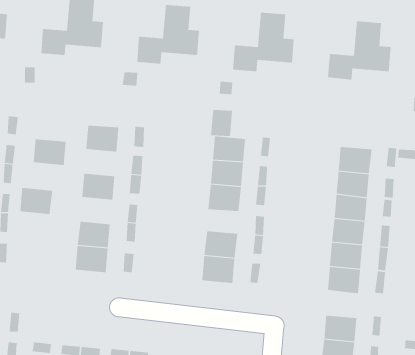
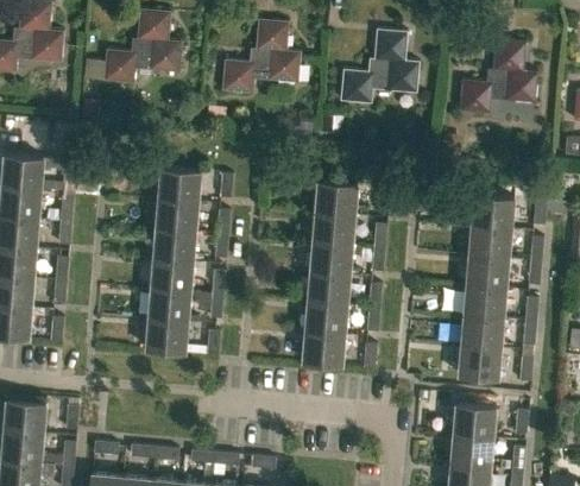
building: [211,109,233,137] -> none
building: [33,139,66,166] -> [157,200,198,233]
building: [20,188,53,214] -> [152,259,194,292]
building: none -> [309,274,349,304]

